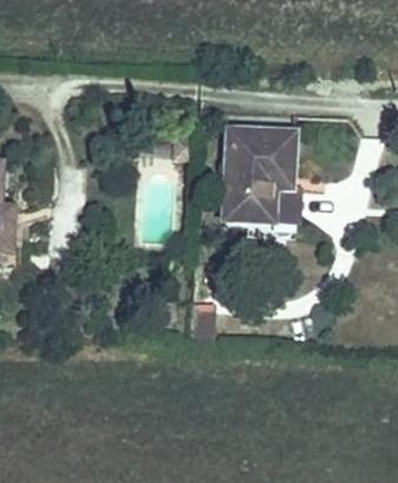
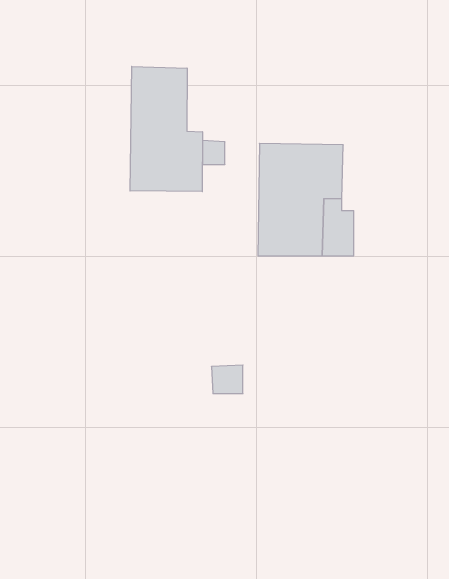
building: none -> [130,66,202,192]

